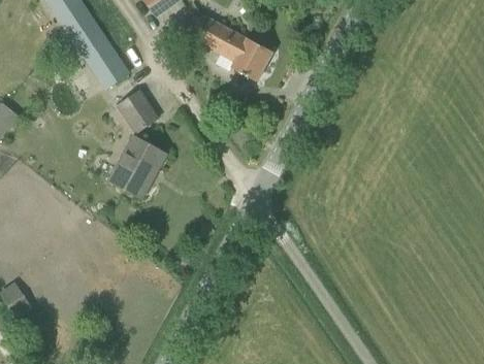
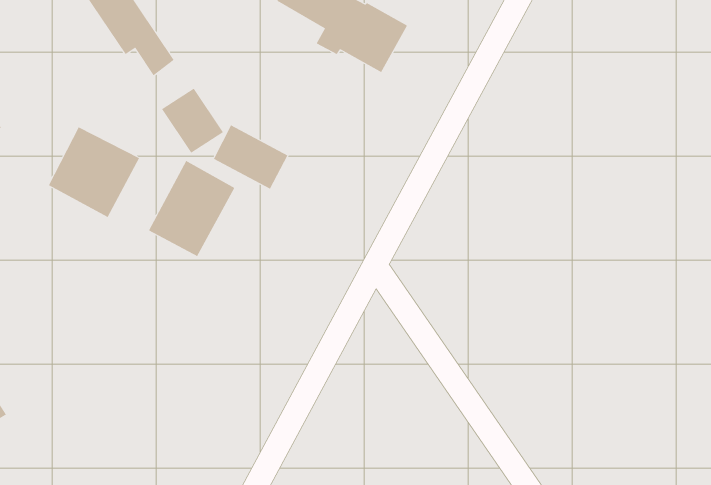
building: none -> [213,125,288,190]
building: none -> [48,127,140,218]

